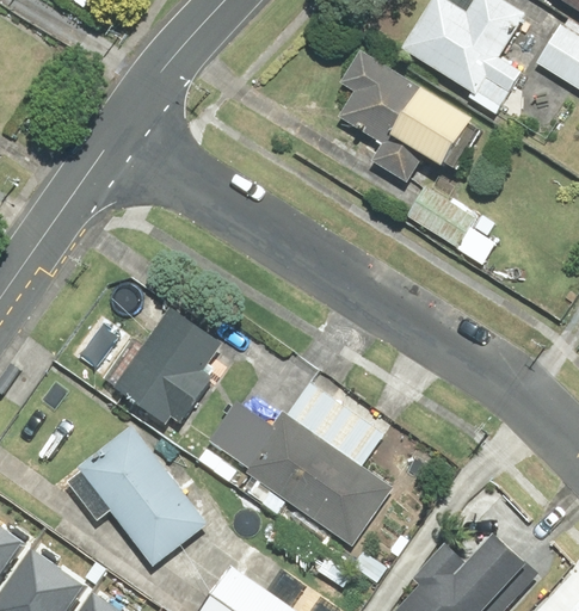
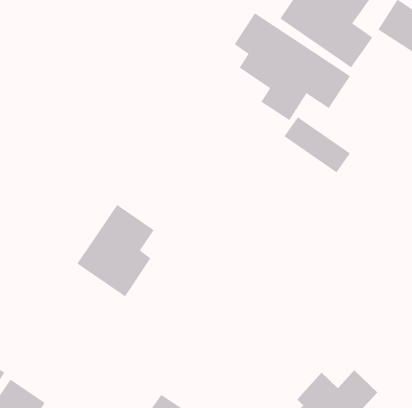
building: [208,399,392,547] -> none
building: [63,424,212,566] -> none

